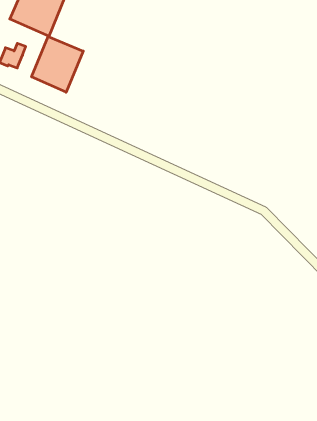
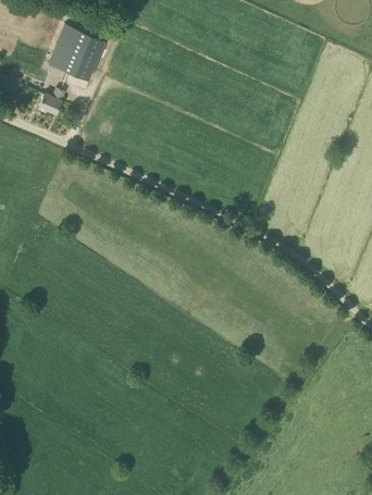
building: [32,37,83,92] -> none

